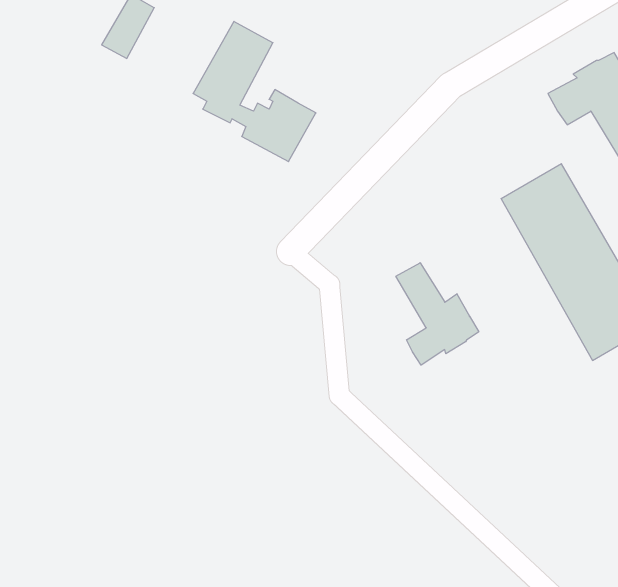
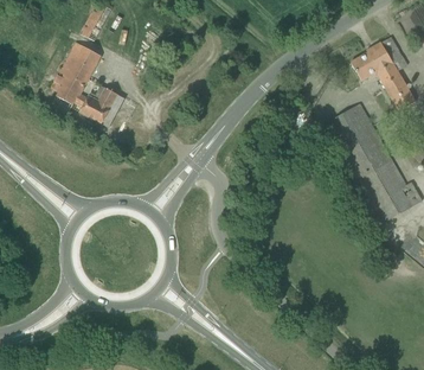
building: [193,21,316,162] -> [51,42,126,127]
building: [396,263,479,365] -> none

